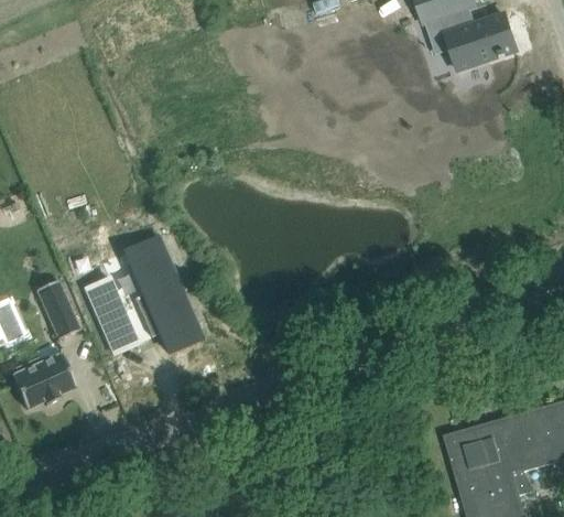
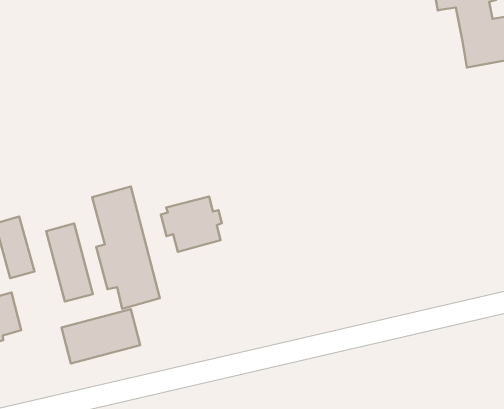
building: none -> [161,196,222,252]
building: none -> [61,309,140,364]

